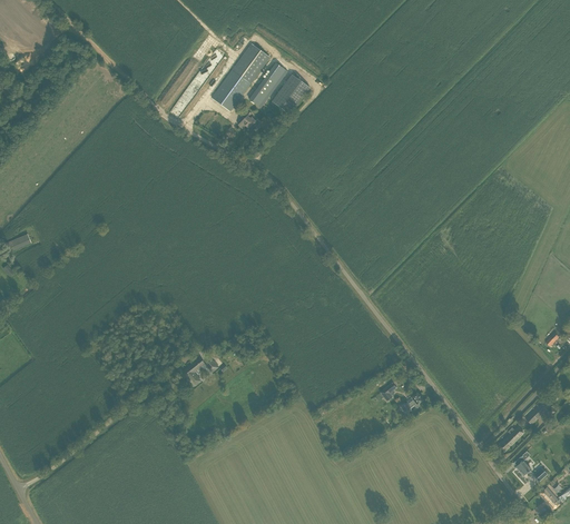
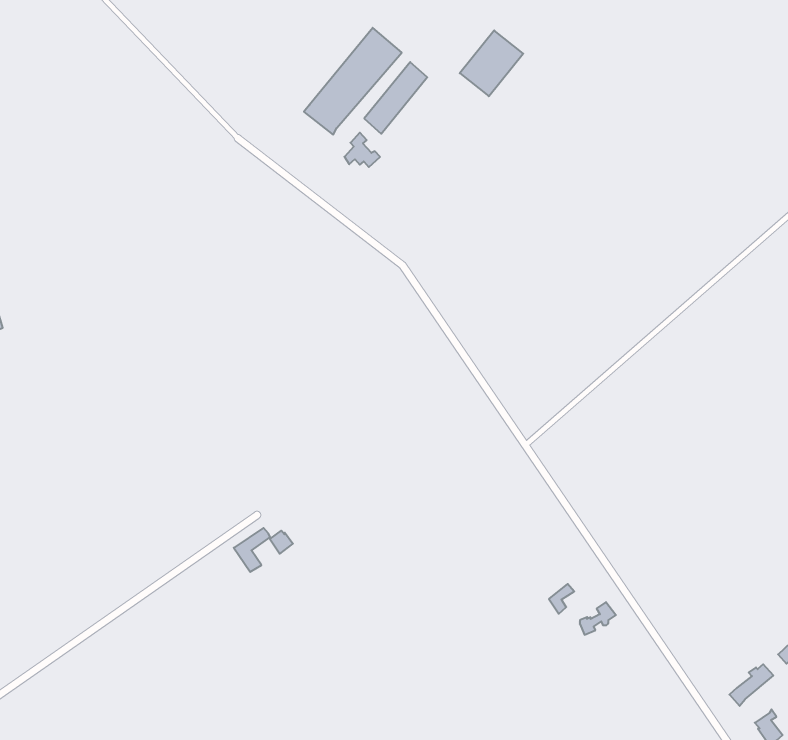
building: [271,73,309,115] -> [460,30,523,96]

